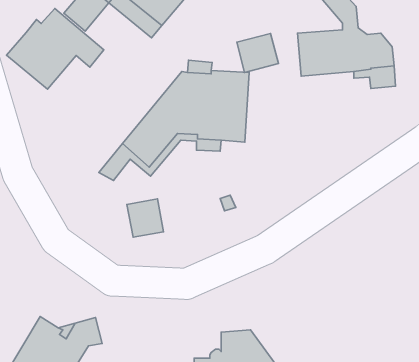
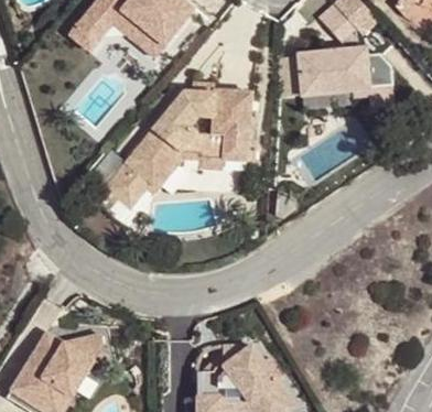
building: [6,9,104,89] -> none
building: [237,33,278,72] -> none
building: [127,199,163,237] -> none

